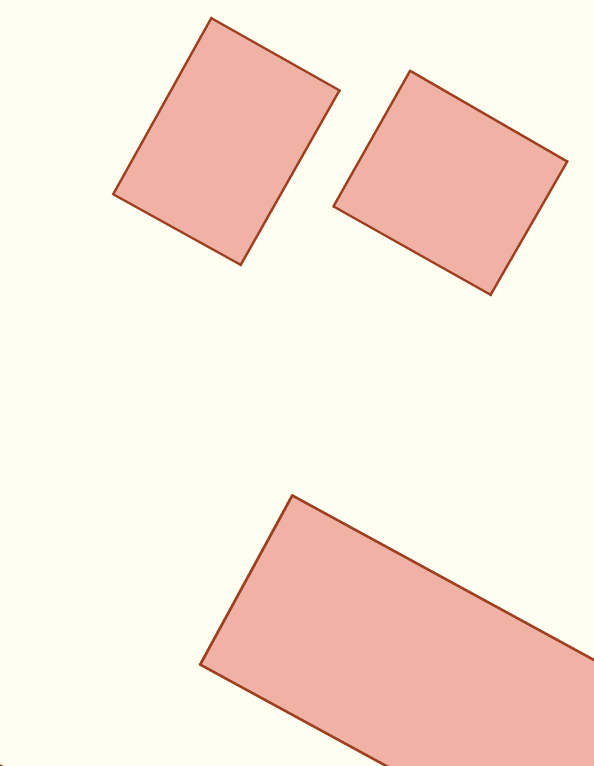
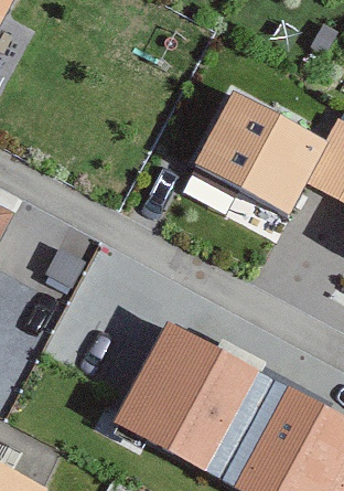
building: [113,18,340,265] -> none

